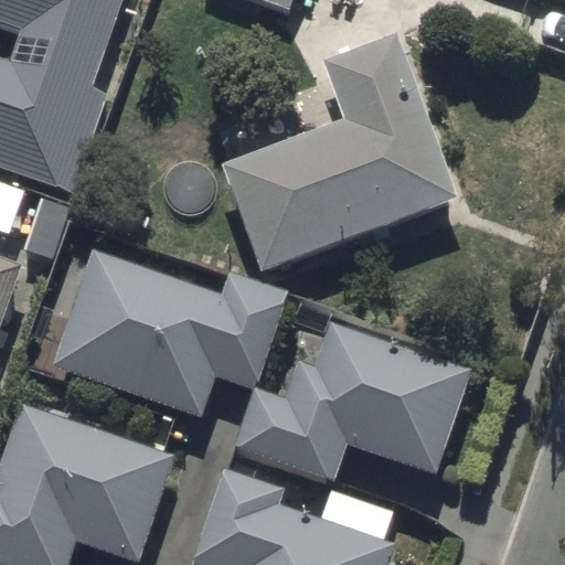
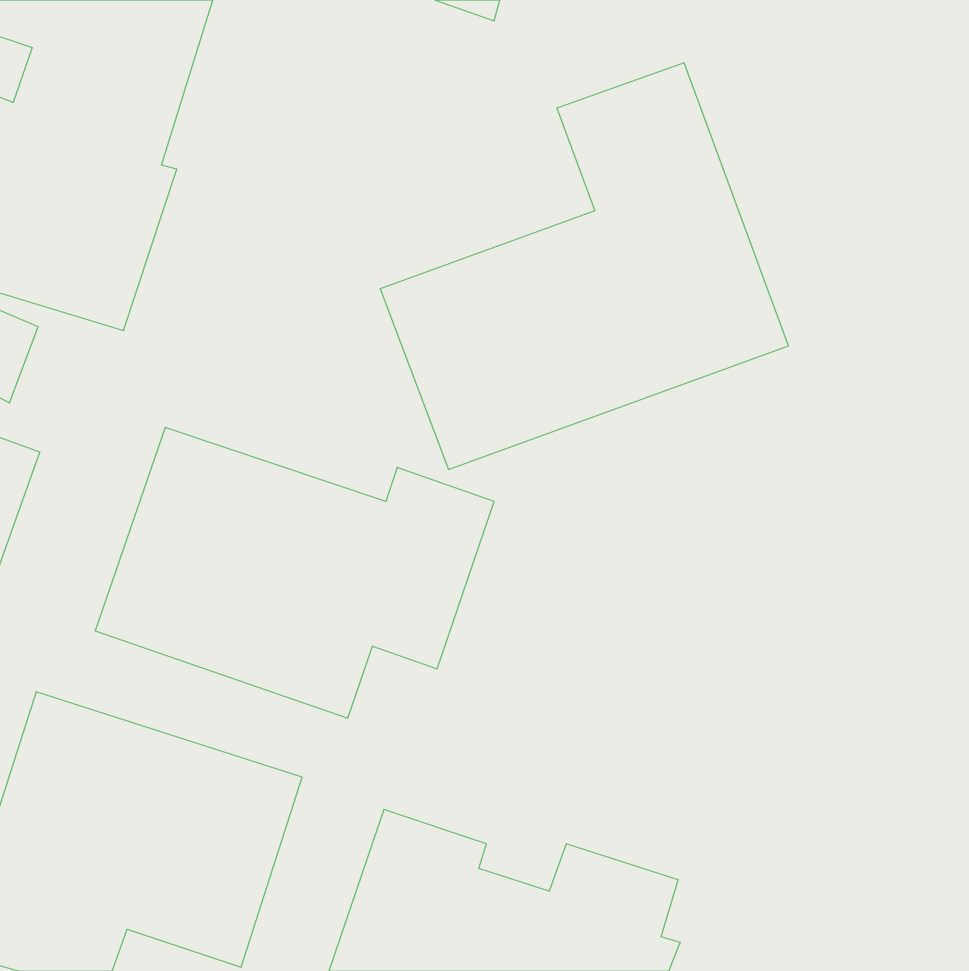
building: [233,322,469,484] -> none

